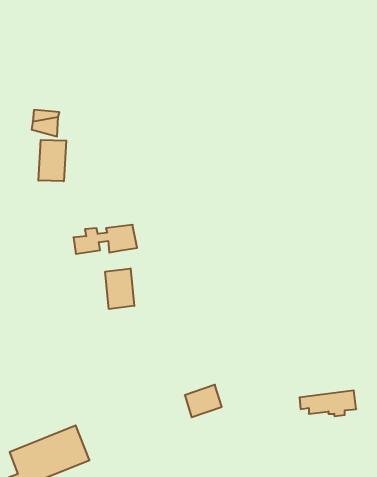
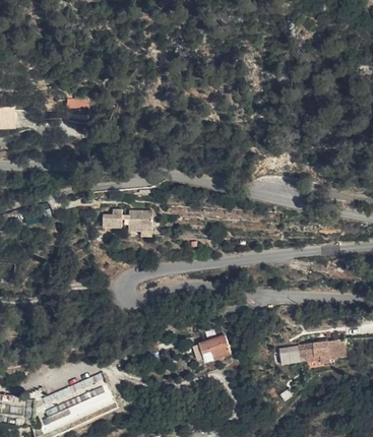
building: [38,140,66,181] -> none
building: [105,268,134,309] -> none

